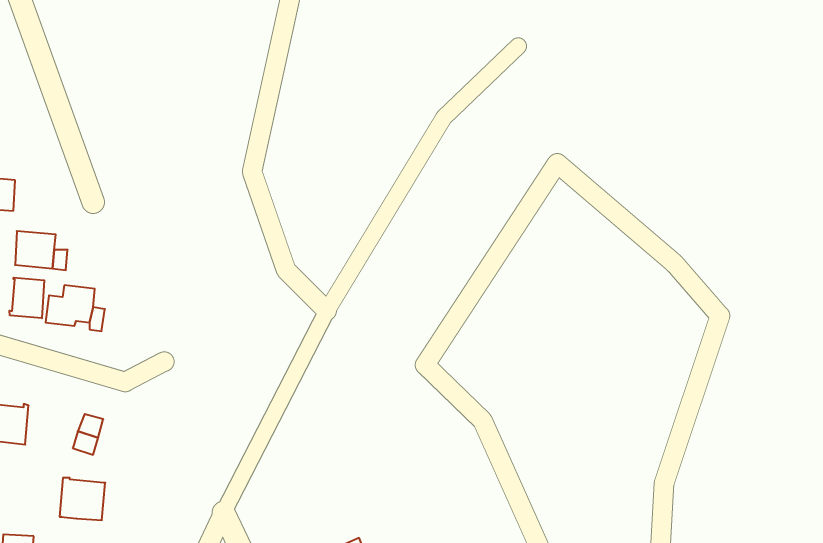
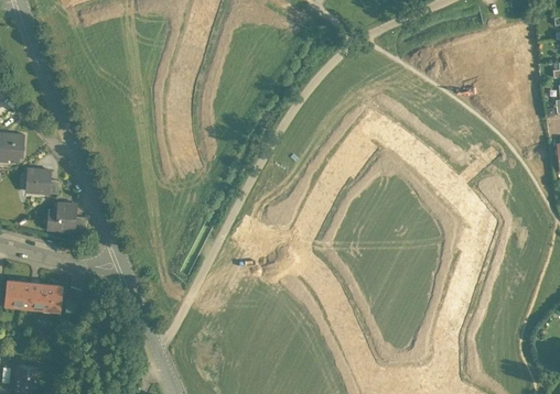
building: [9,278,44,318] -> none
building: [60,478,105,520] -> [32,283,62,310]

